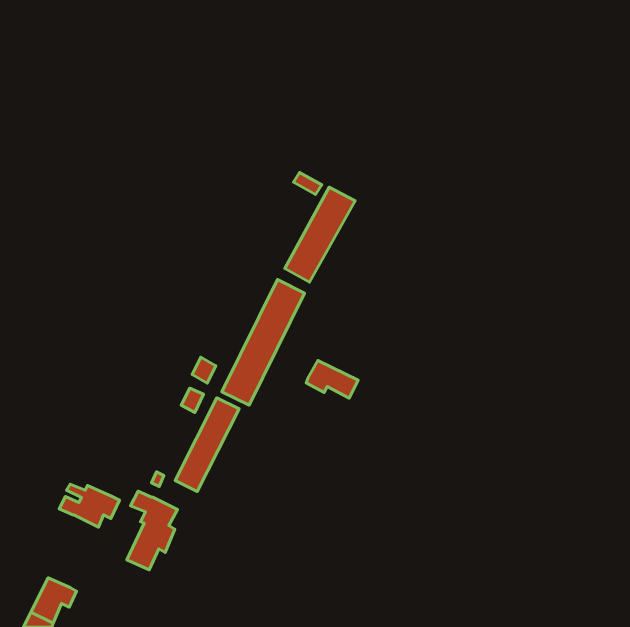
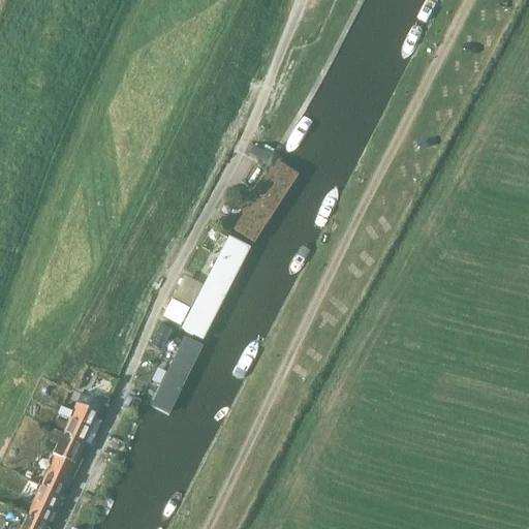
building: [306,360,358,398] -> none
building: [127,491,177,570] -> [40,427,83,493]

